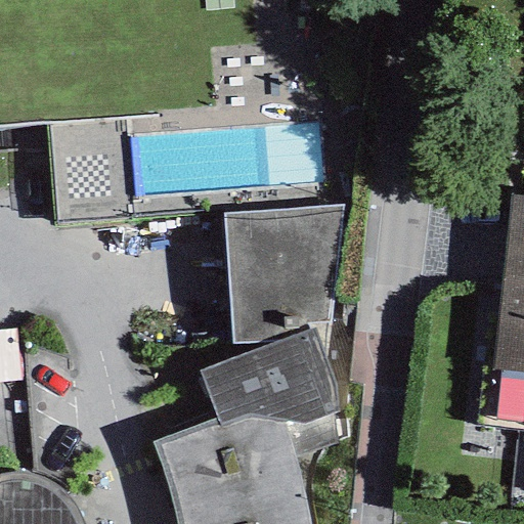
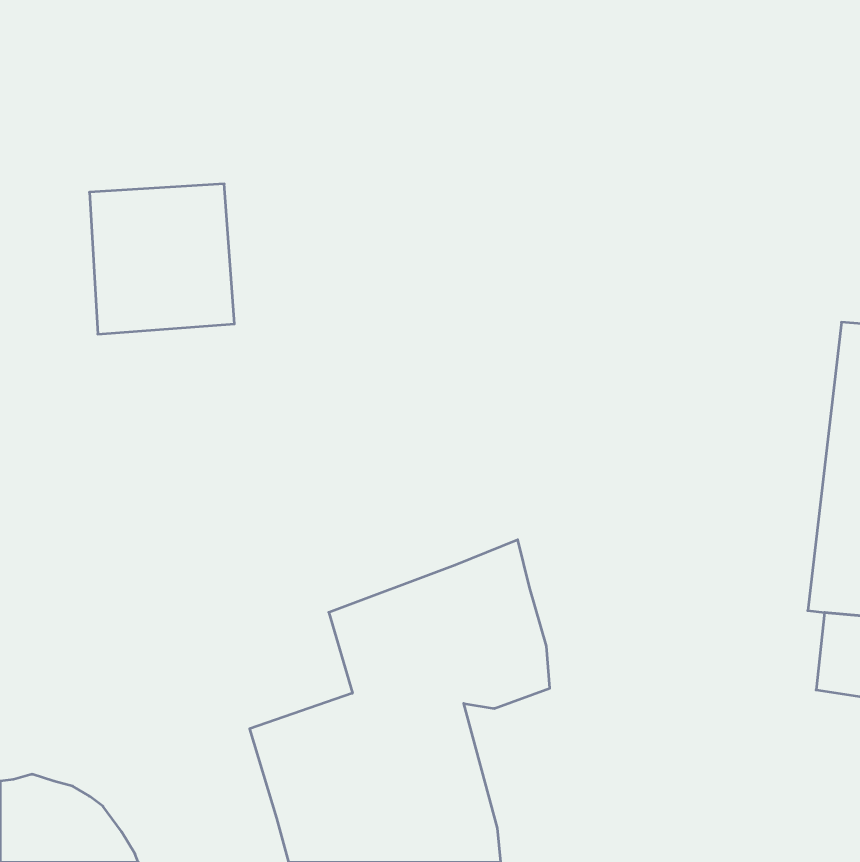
building: [225,206,345,356] -> none

